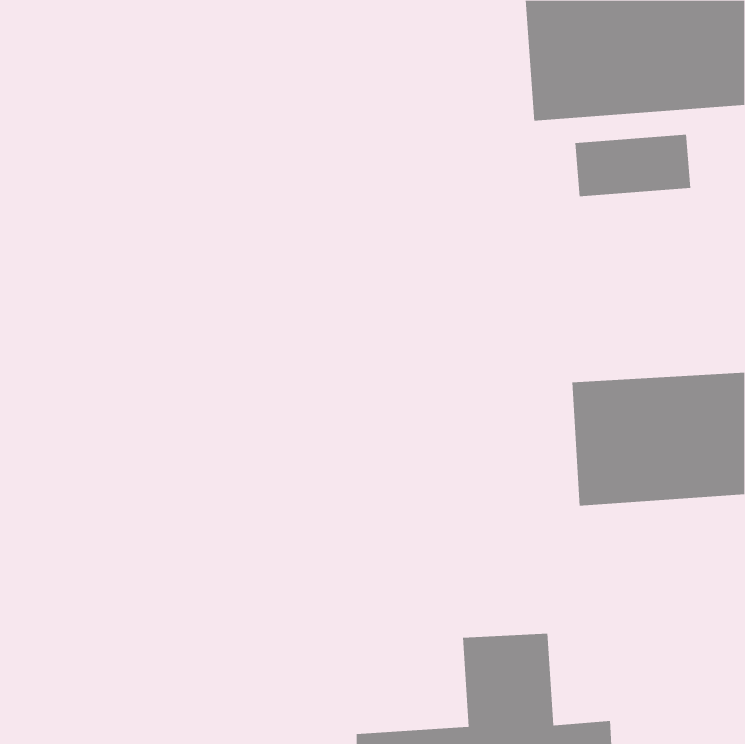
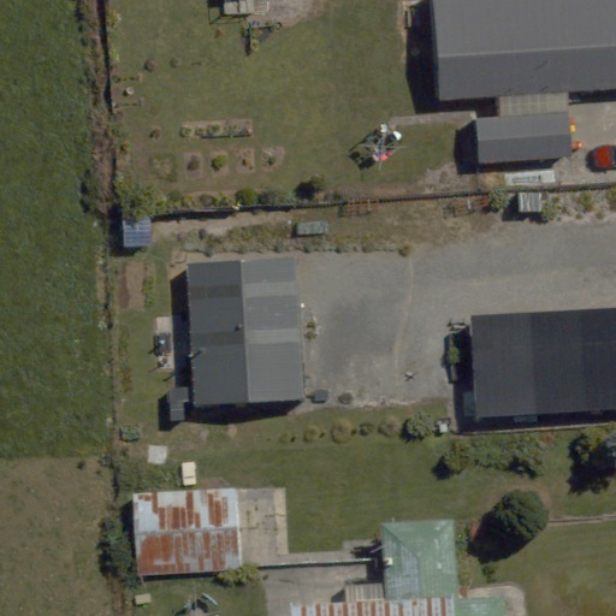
building: none -> [186,256,304,405]
building: none -> [134,490,239,575]

